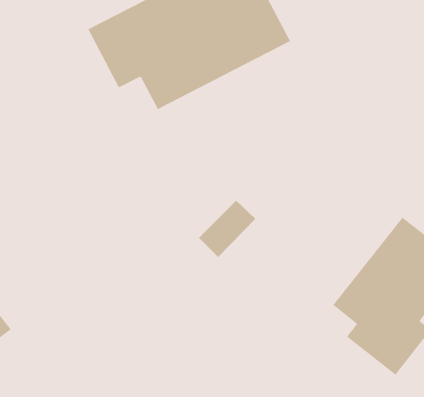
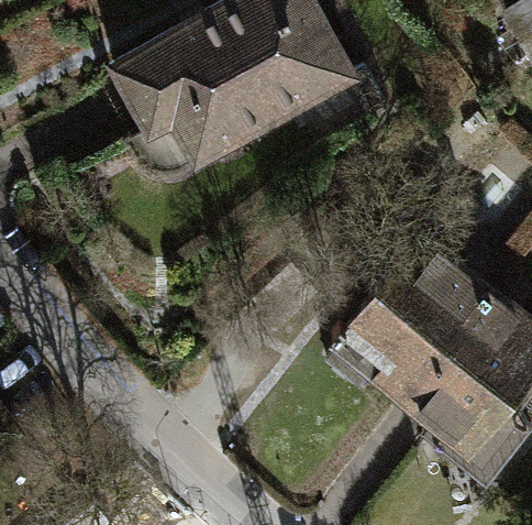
building: none -> [326,238,494,401]

